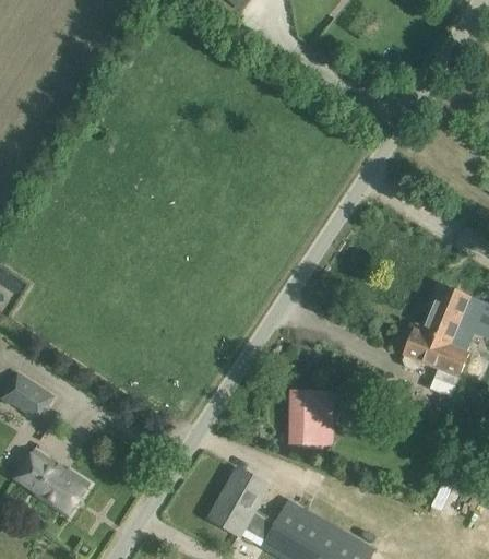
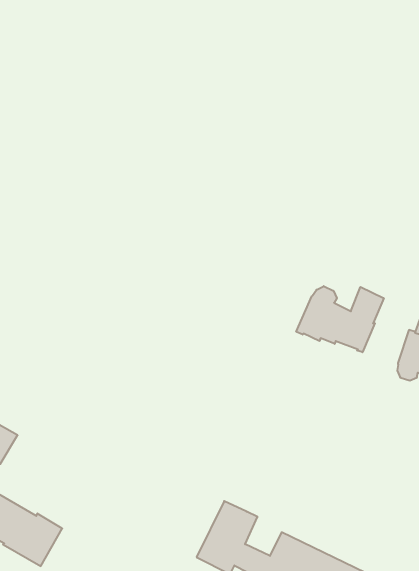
building: none -> [296,286,384,352]
building: [290,391,333,444] -> none

